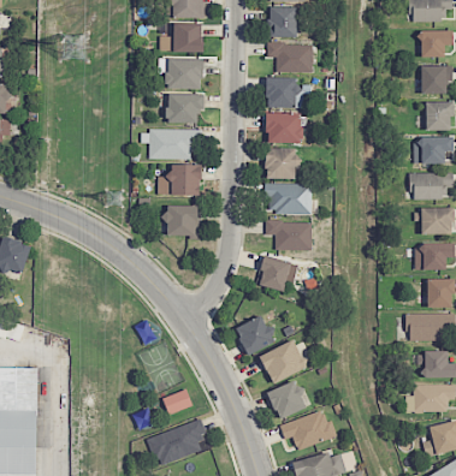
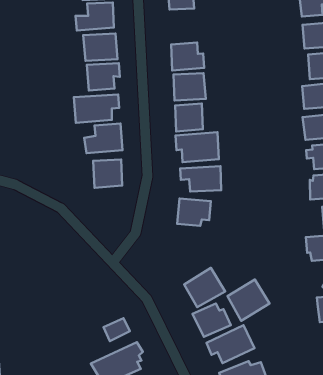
building: [267,42,313,71] -> none
building: [235,315,278,355] -> none
building: none -> [227,280,269,321]

